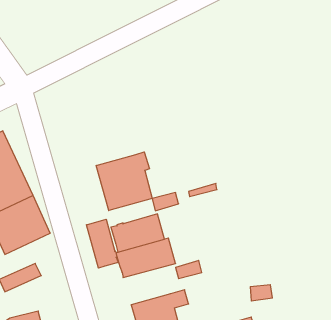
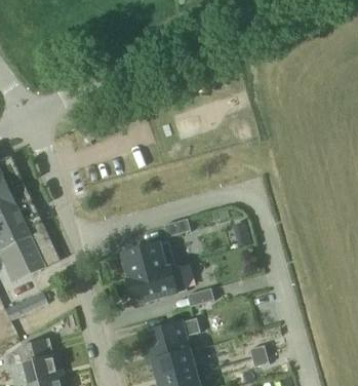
building: [96,152,152,211] -> none
building: [86,219,118,268] -> none

